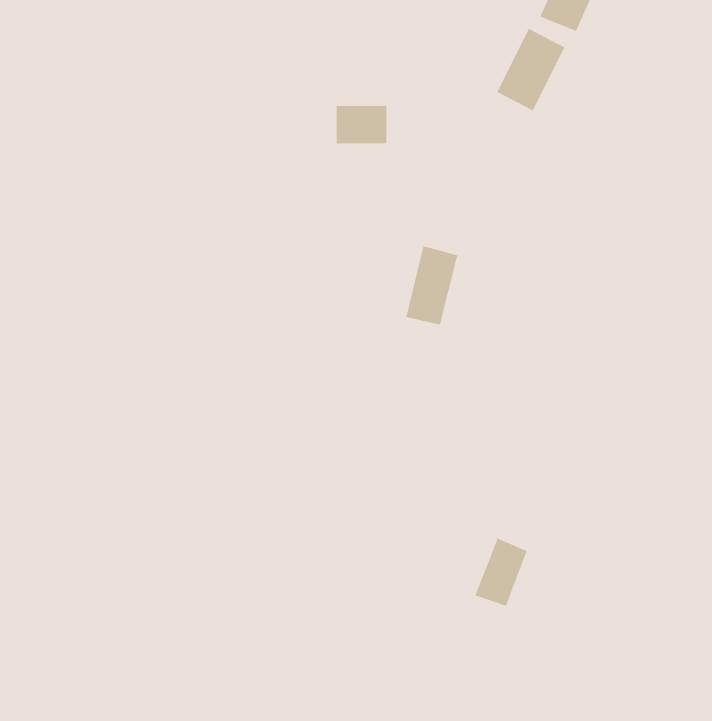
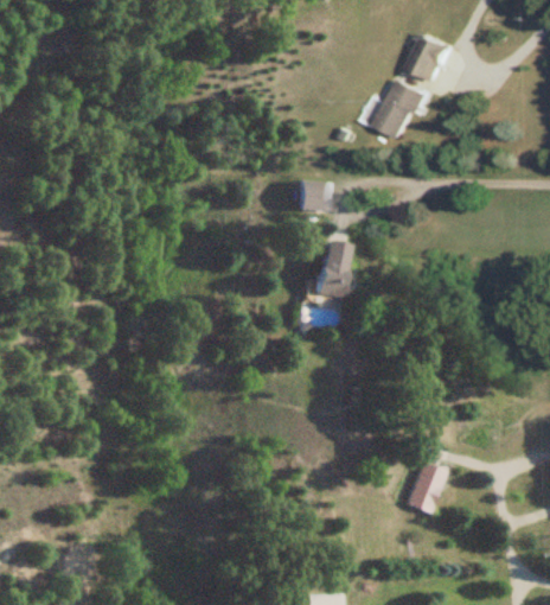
building: [336,106,387,144] -> [295,183,333,211]
building: [475,538,527,607] -> [405,463,445,514]

